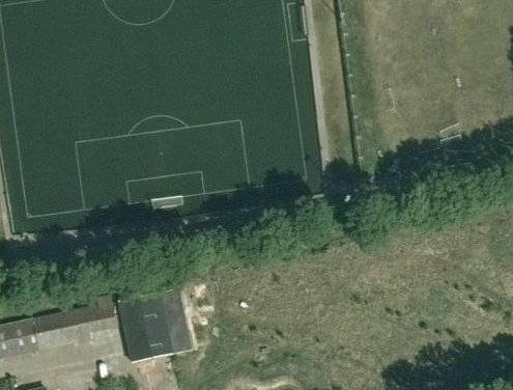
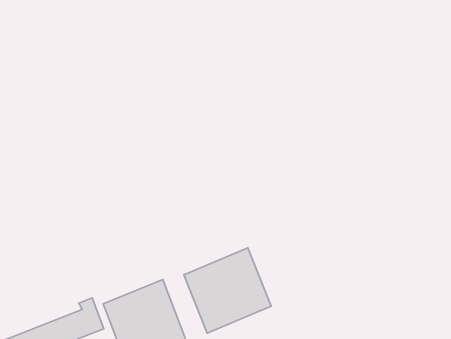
building: none -> [184,248,271,333]

